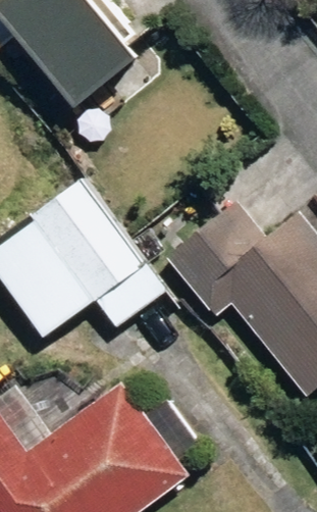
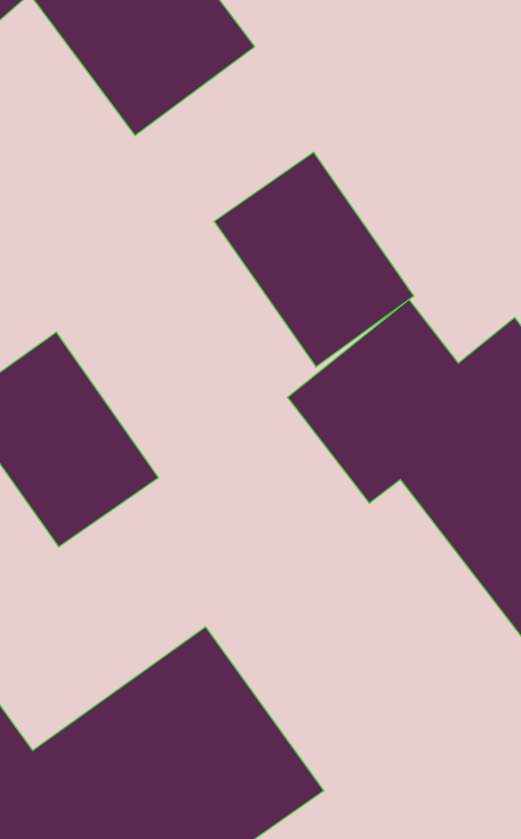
building: [40,181,152,301] -> [214,152,414,367]

